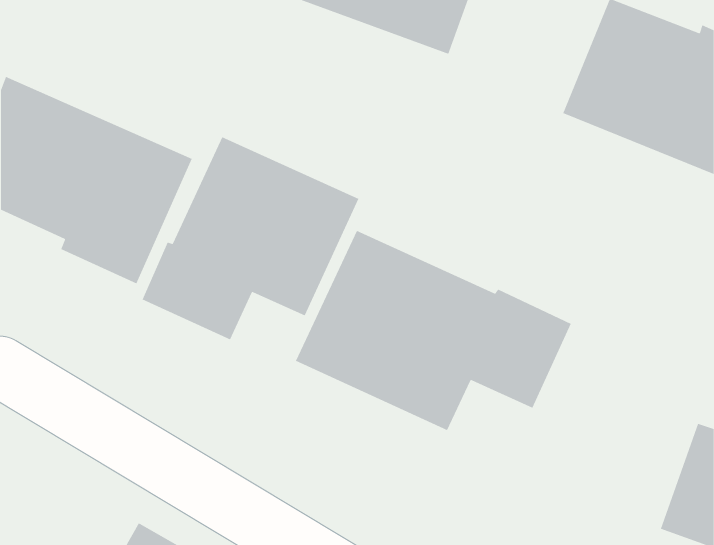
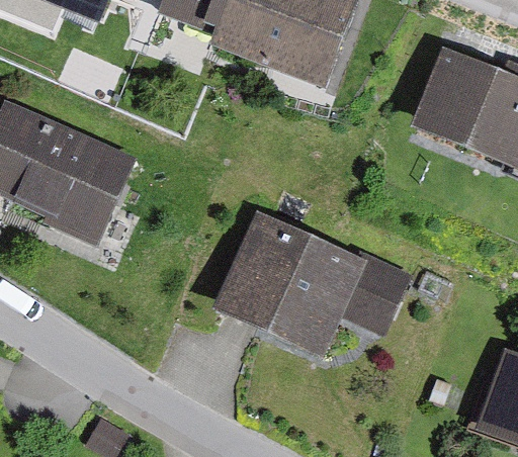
building: [142,136,359,340] -> none

